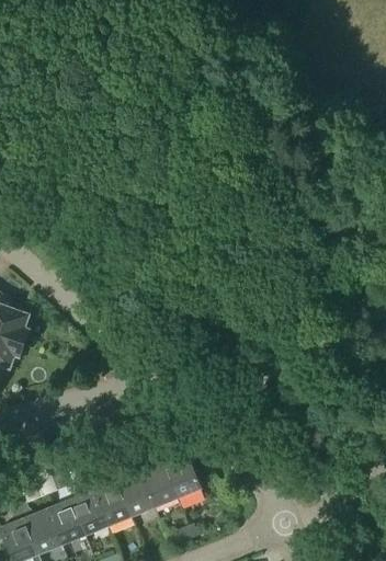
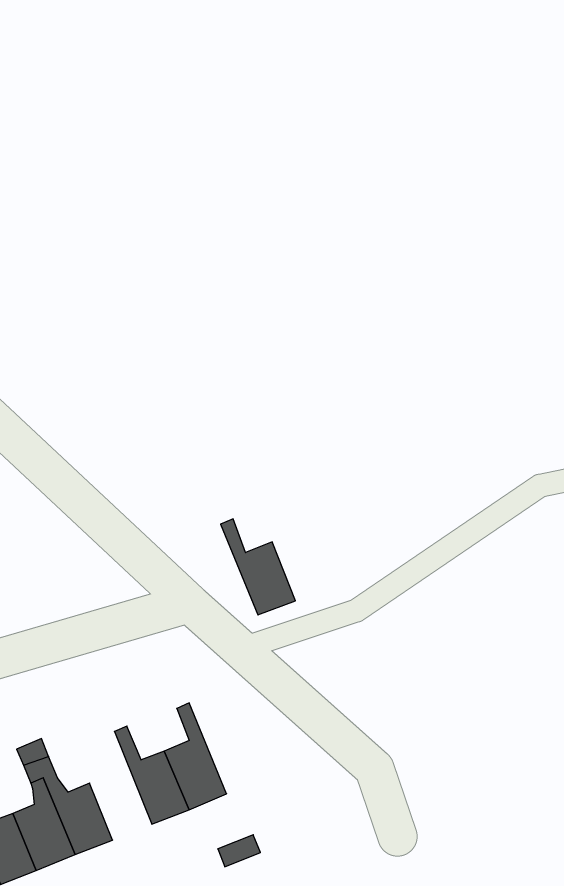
building: [155,440,201,500] -> [221,519,295,615]
building: [93,461,132,528] -> none

